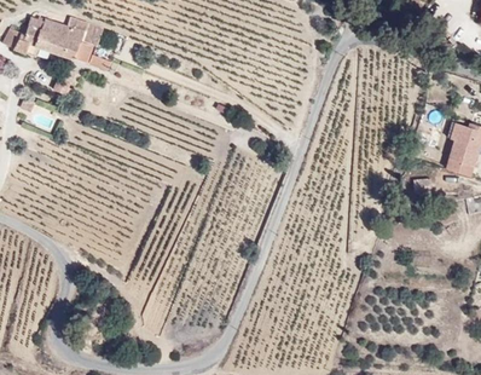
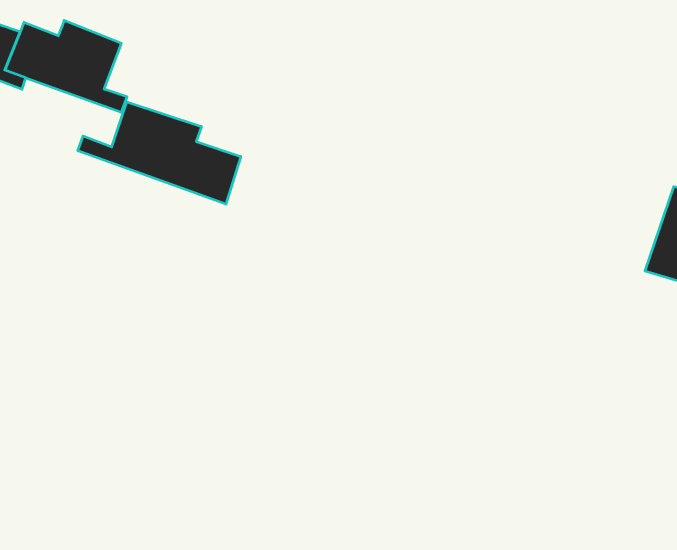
building: none -> [78,102,241,204]

